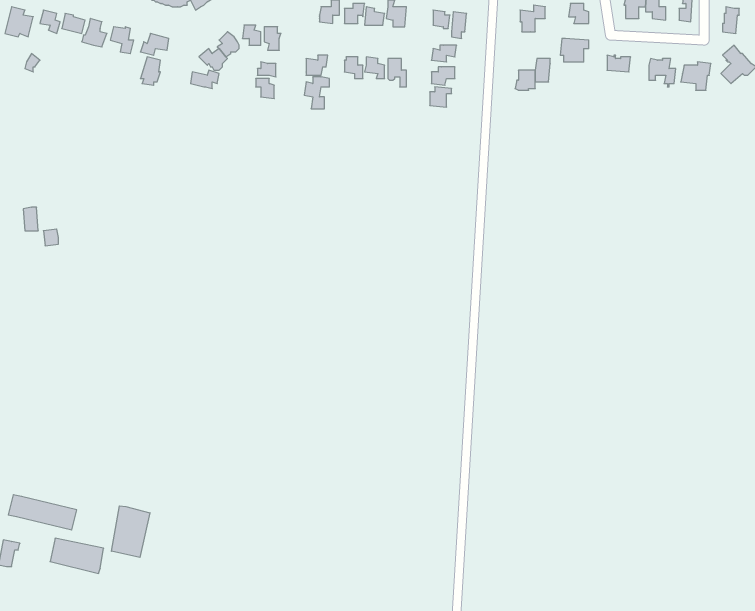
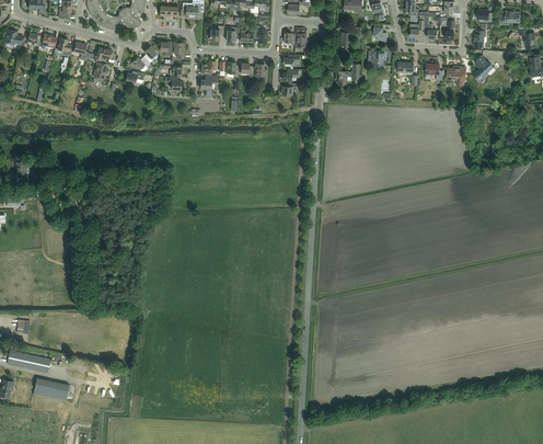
building: [111,506,150,557] -> none

